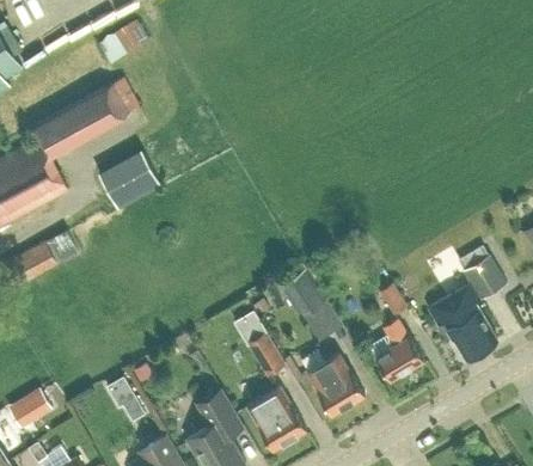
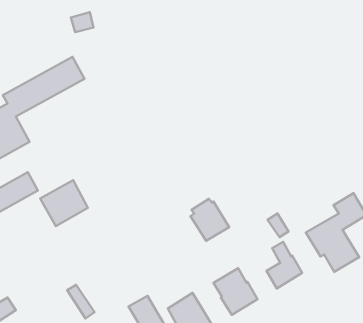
building: [97,149,159,209] -> [40,180,88,226]
building: [246,332,283,376] -> none

